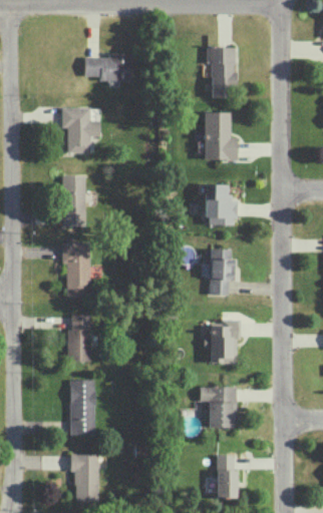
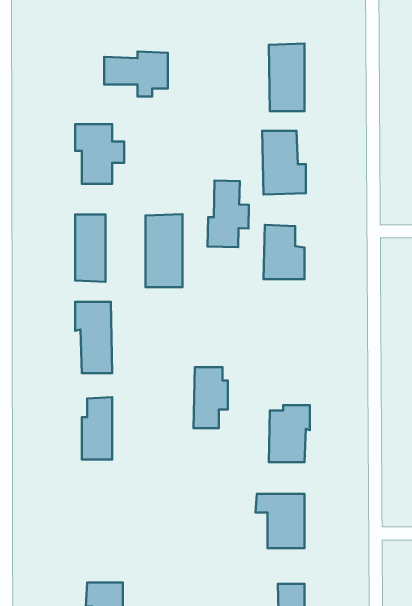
building: none -> [208,180,249,247]
building: none -> [145,214,182,287]
building: [209,248,235,295] -> [194,367,228,428]
building: [70,379,95,435] -> none

